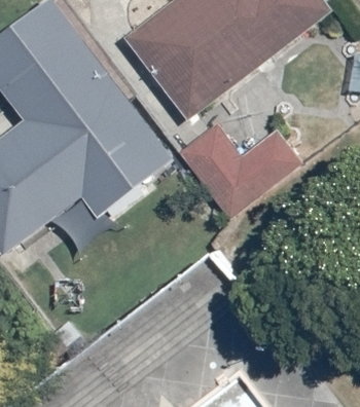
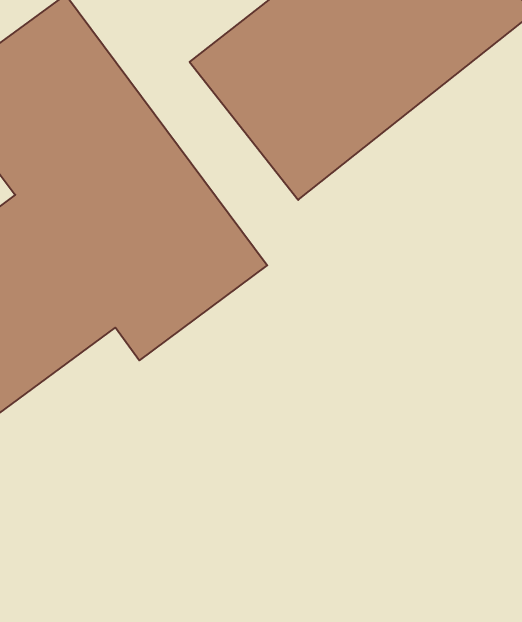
building: [177,124,300,220] -> none

